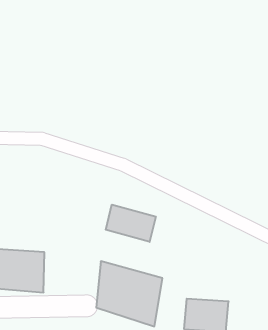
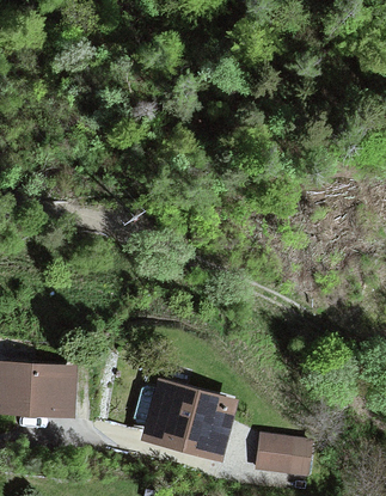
building: [106,205,156,242] -> none

